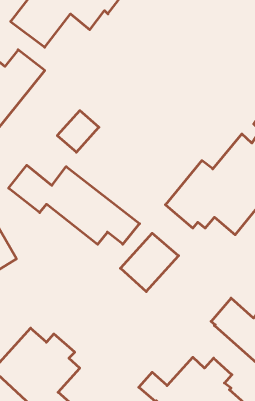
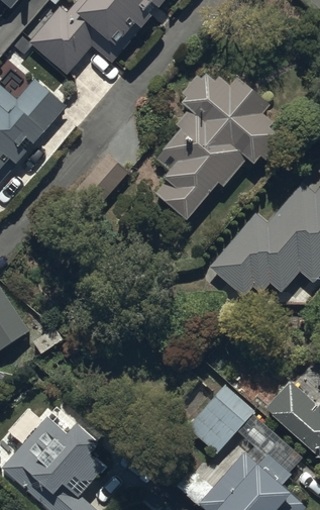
building: none -> [154,65,284,219]
building: [9,165,140,244] -> none
building: [120,233,179,292] -> [186,384,256,454]

